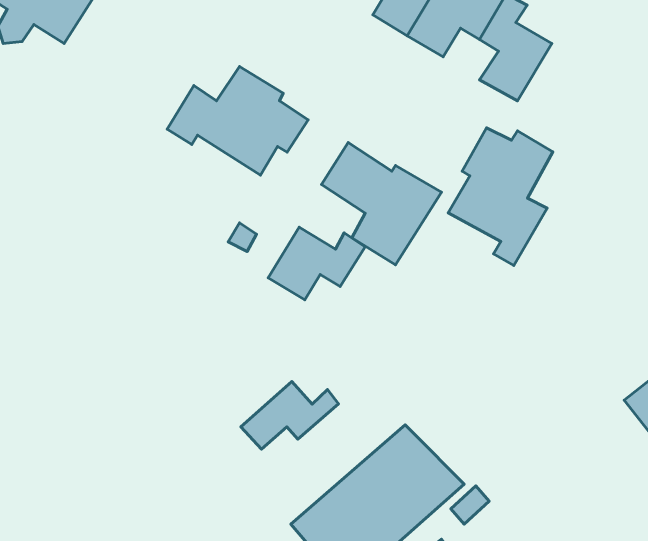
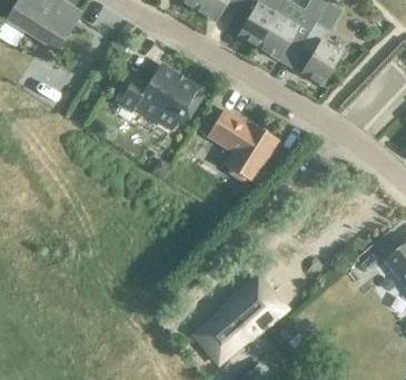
building: [448,128,553,265] -> none
building: [268,227,365,300] -> none
building: [241,382,339,449] -> none

